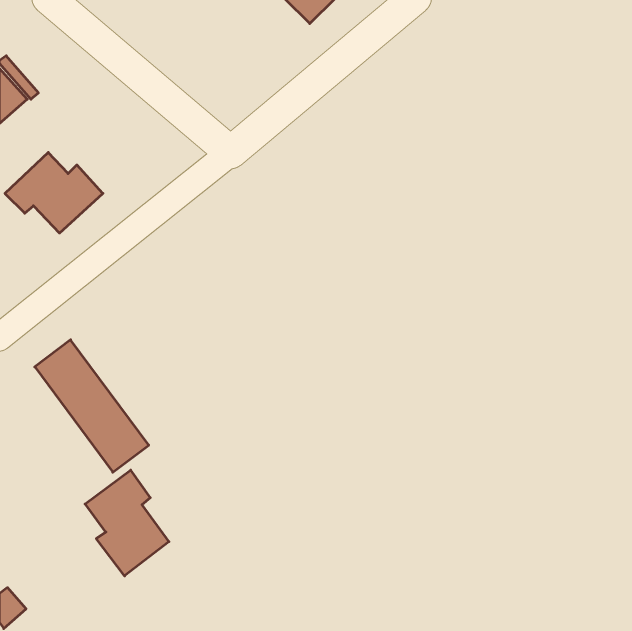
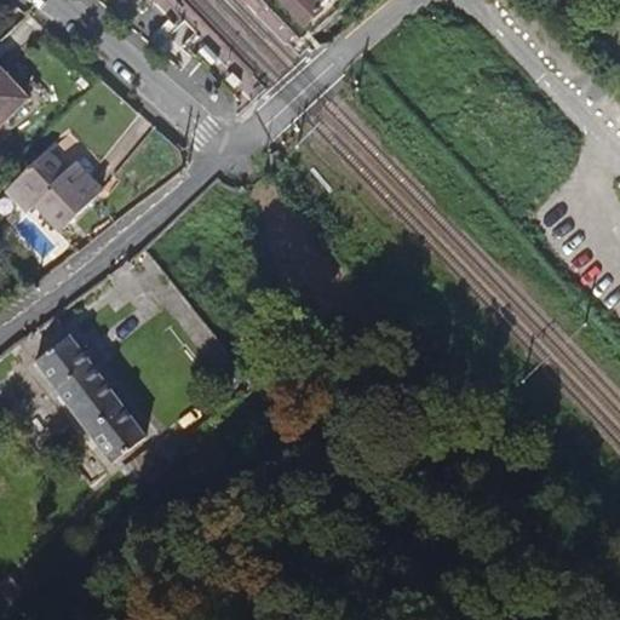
building: [85,470,169,576] -> none

